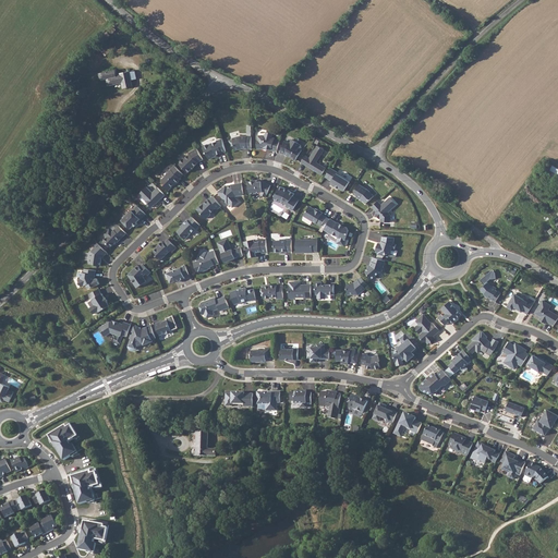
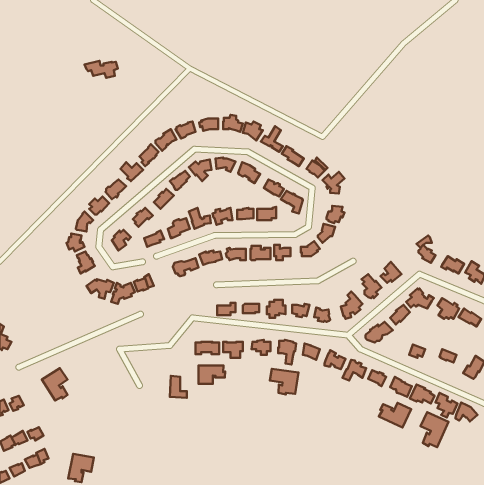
building: none -> [198,365,225,384]
building: none -> [270,369,298,395]
building: none -> [379,403,411,428]
building: [71,470,99,505] -> none
building: none -> [421,412,449,447]

